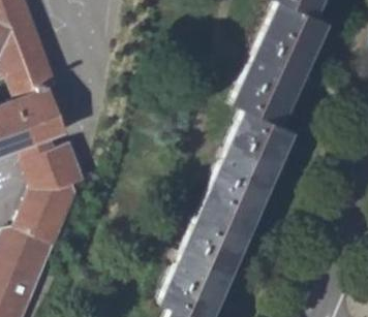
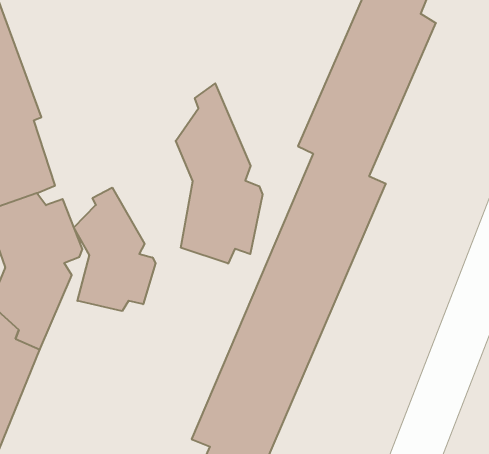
building: none -> [176,83,263,264]
building: none -> [74,188,156,311]

